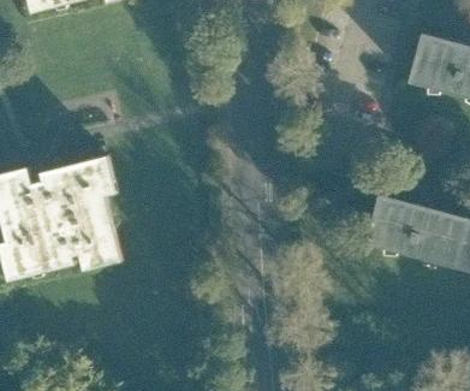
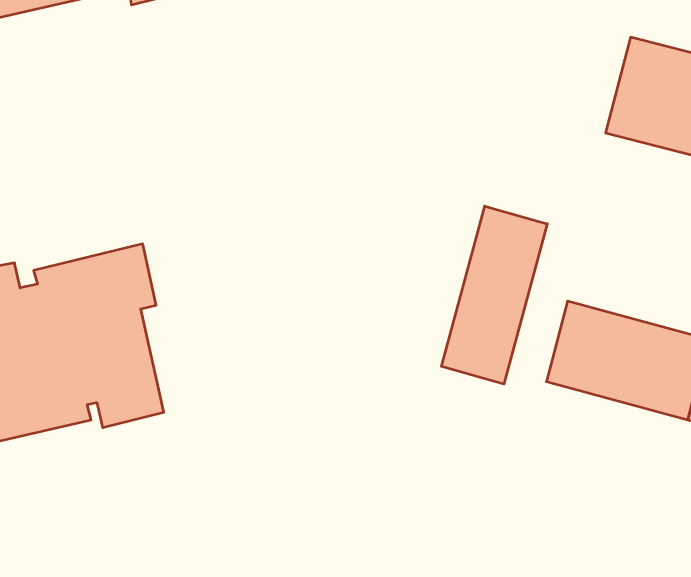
building: none -> [441,206,547,384]

